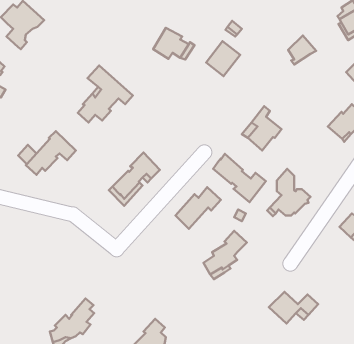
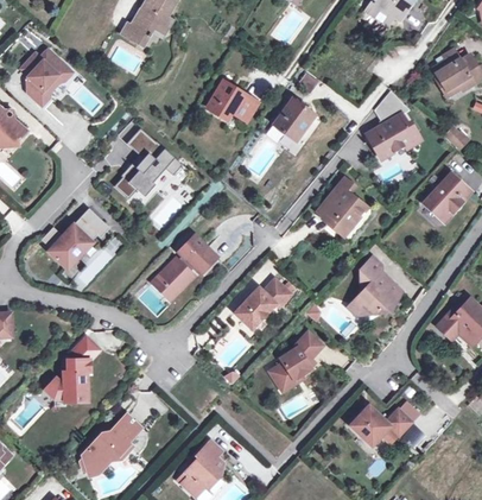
building: none -> [368,114,420,157]
building: [213,154,266,202] -> none
building: none -> [45,336,100,401]

